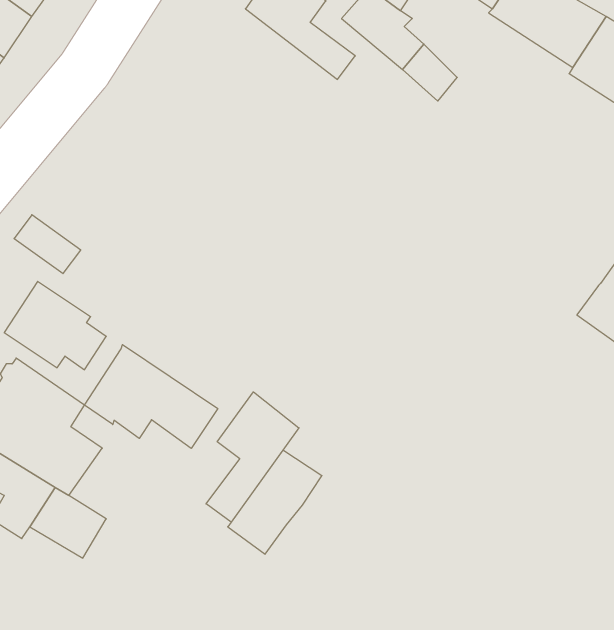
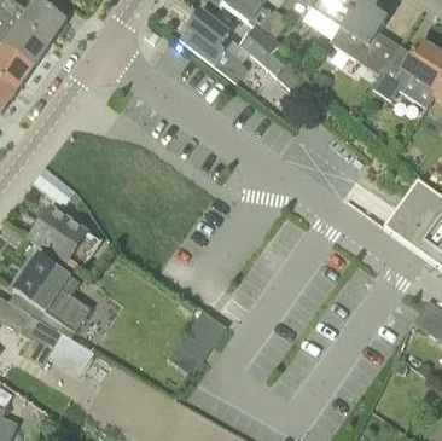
building: [85,345,218,448] -> none
building: [206,392,299,522] -> none

